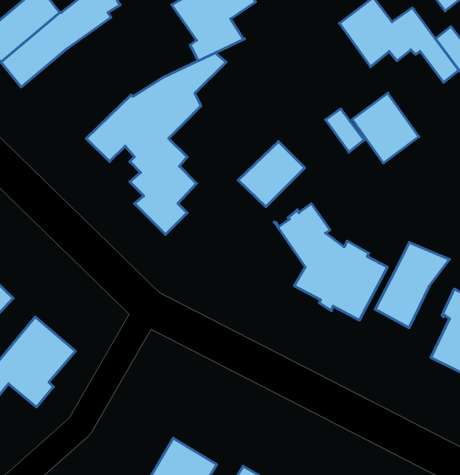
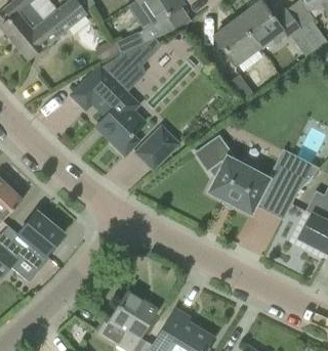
building: [352,93,419,163] -> [214,18,258,64]
building: [238,141,305,207] -> [133,129,177,172]

